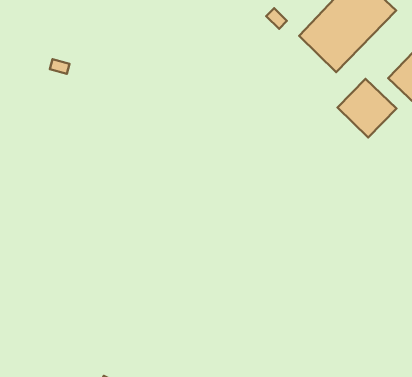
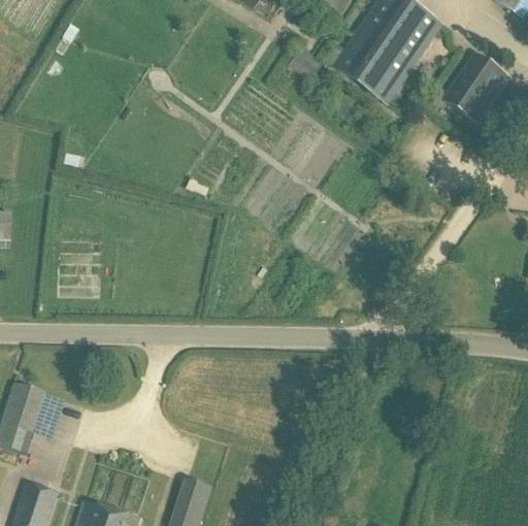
building: [337,79,396,137] -> none

